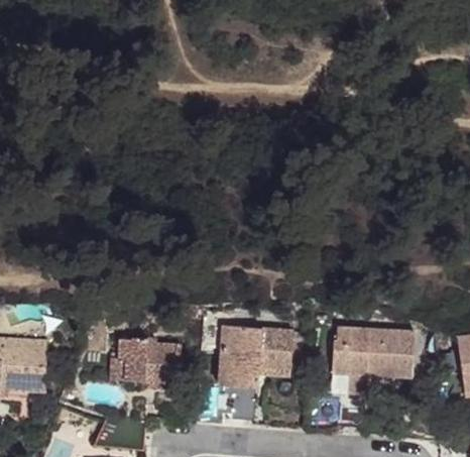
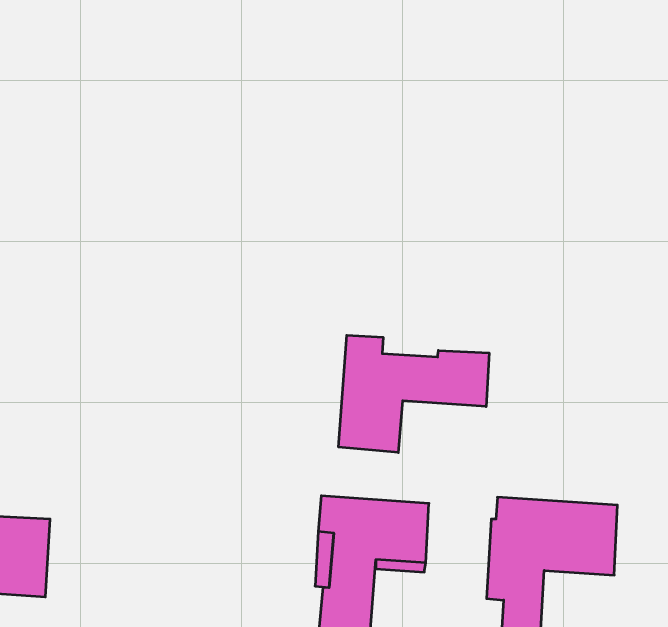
building: none -> [339,335,489,453]
building: [110,337,180,382] -> none

